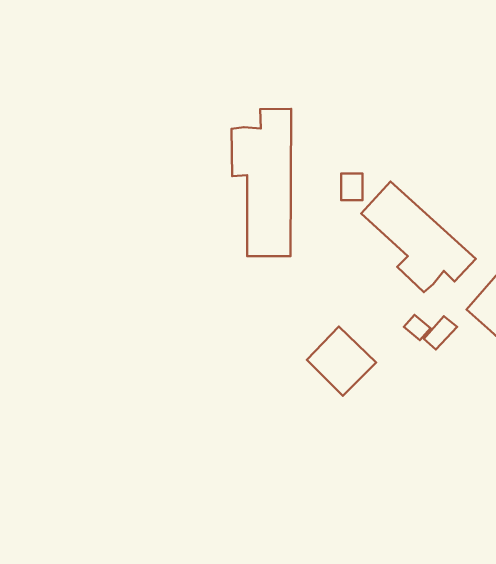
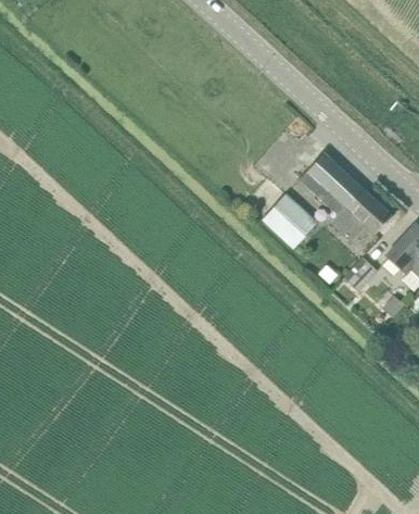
building: [231,109,291,256] -> none
building: [307,326,376,396] -> [262,191,318,248]

